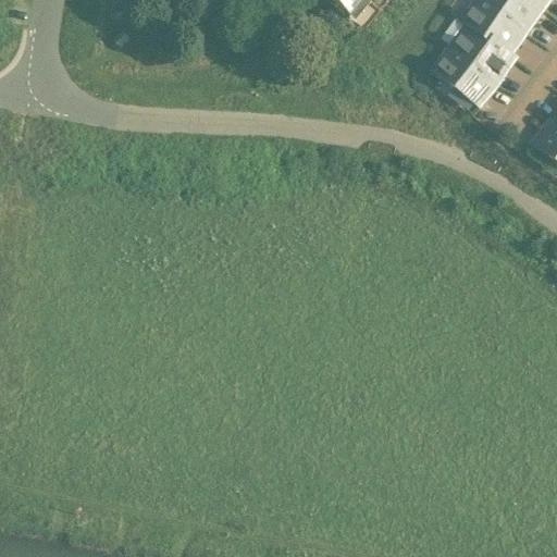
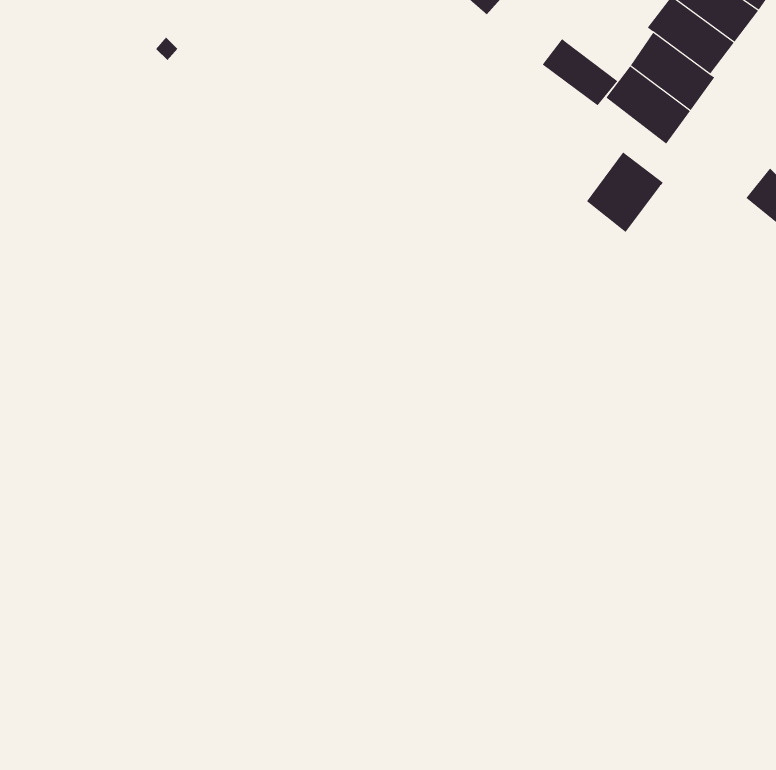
building: none -> [542,38,618,106]
building: none -> [586,151,664,233]

